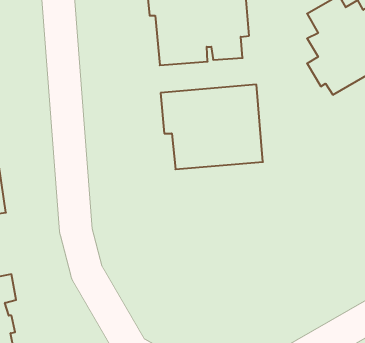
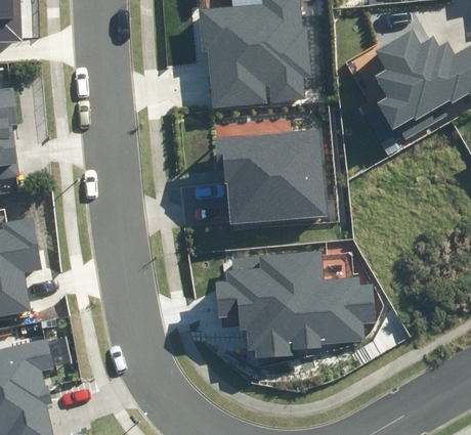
building: none -> [217,252,375,358]

